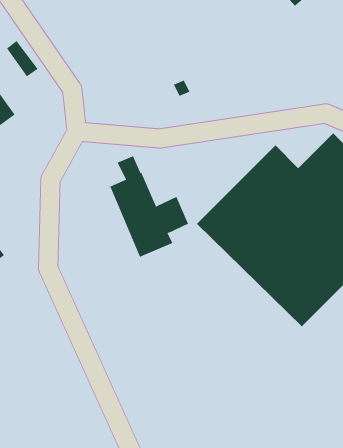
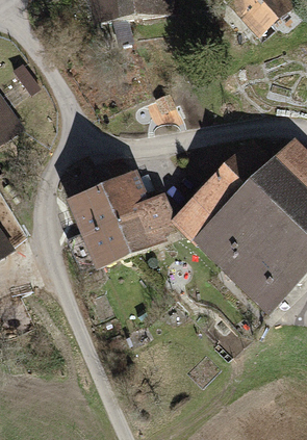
building: none -> [67,173,128,268]

